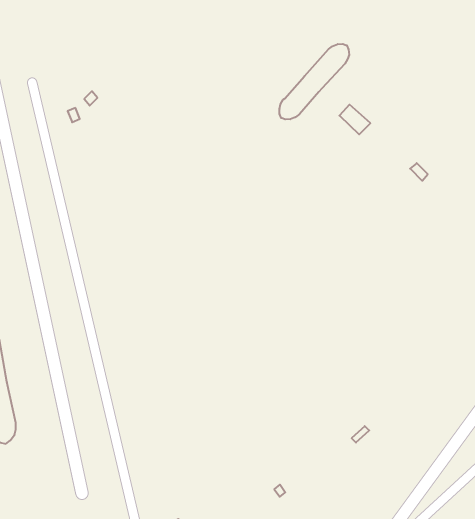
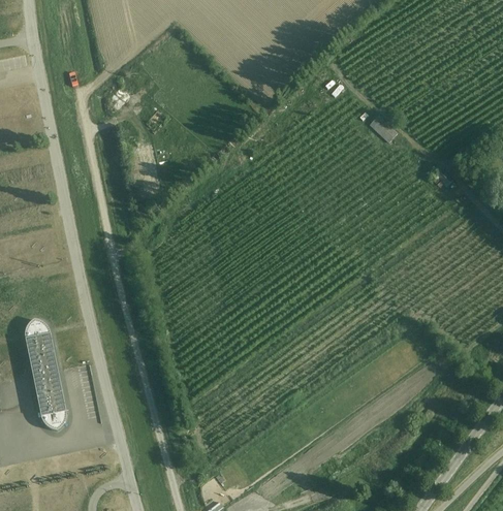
building: [280,44,349,119] -> none

